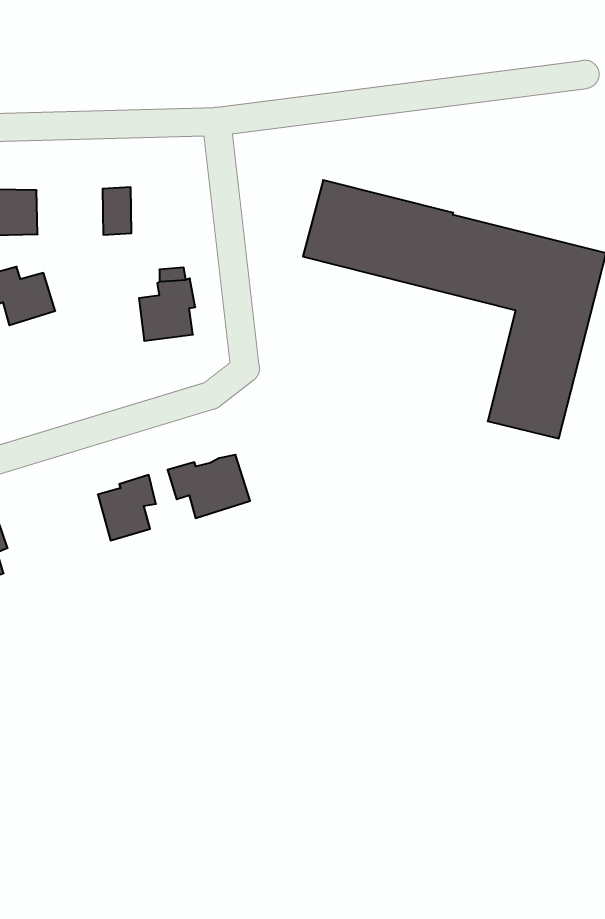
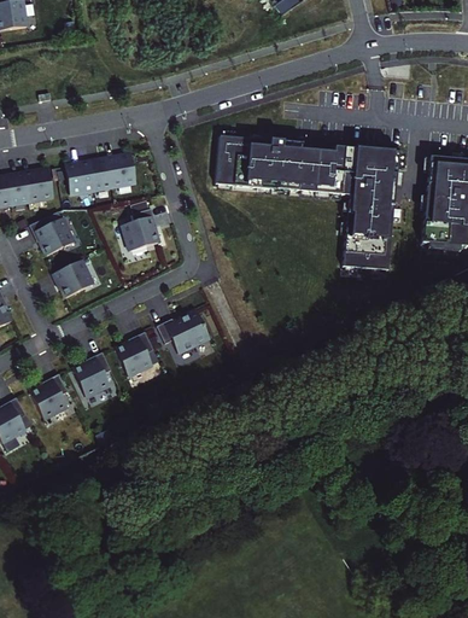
building: none -> [106,154,136,187]
building: none -> [63,163,94,194]
building: none -> [53,261,93,297]
building: none -> [74,352,110,396]

